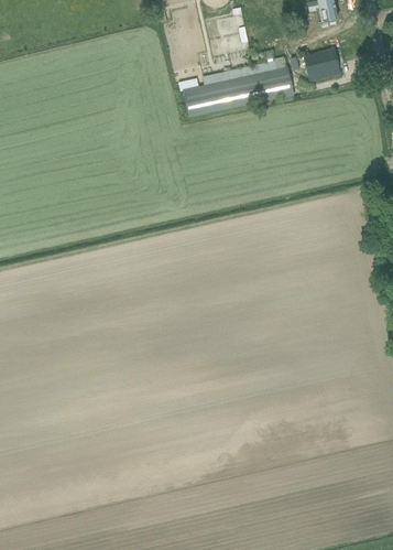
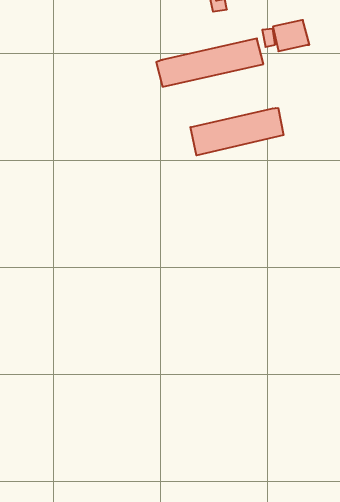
building: none -> [190,108,284,155]

